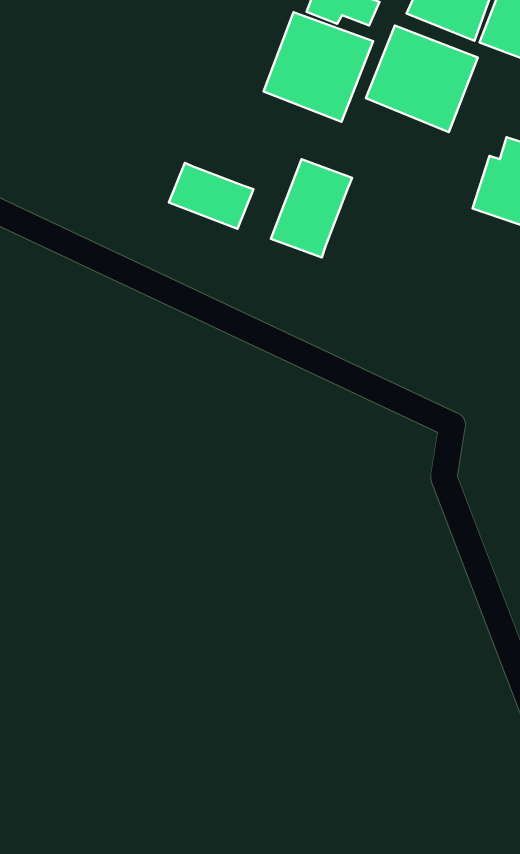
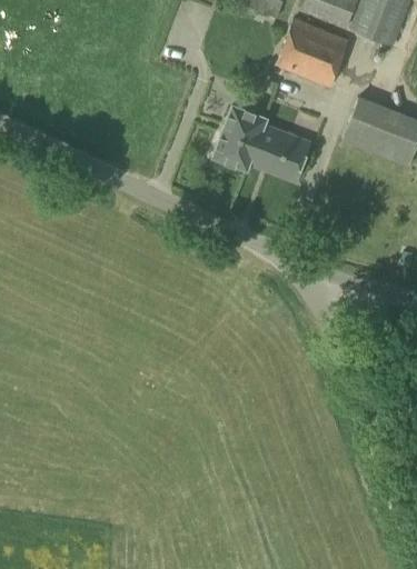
building: [263,12,373,122] -> none
building: [169,163,253,229] -> none
building: none -> [249,126,309,180]

